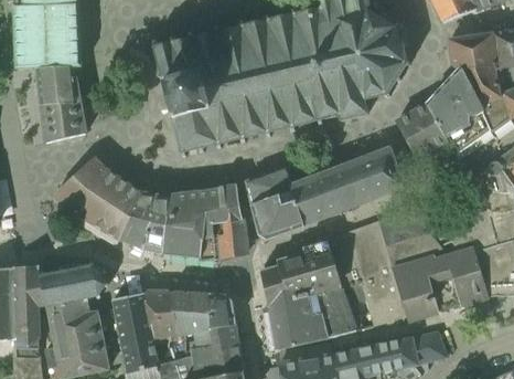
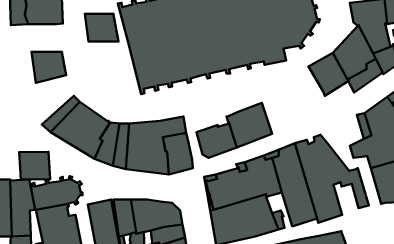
building: [38,66,81,102] -> [85,14,119,41]
building: [336,147,404,207] -> none
building: [247,167,295,204] -> none
building: none -> [19,152,50,180]

